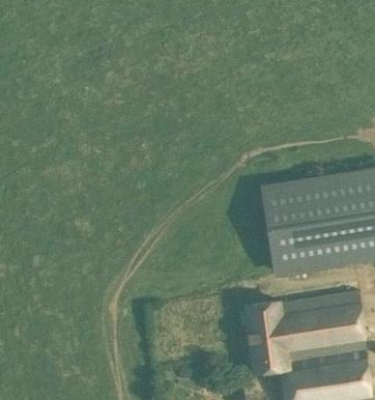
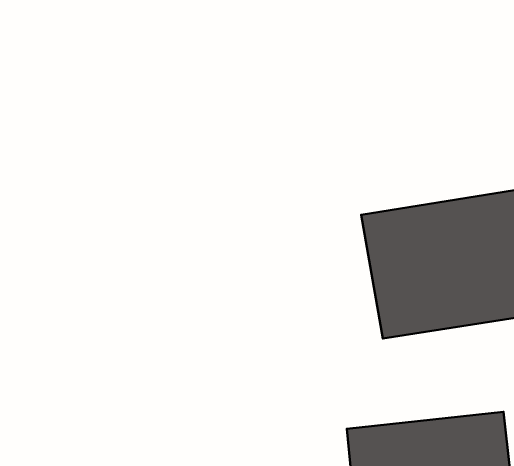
building: [246,297,363,340] -> none

